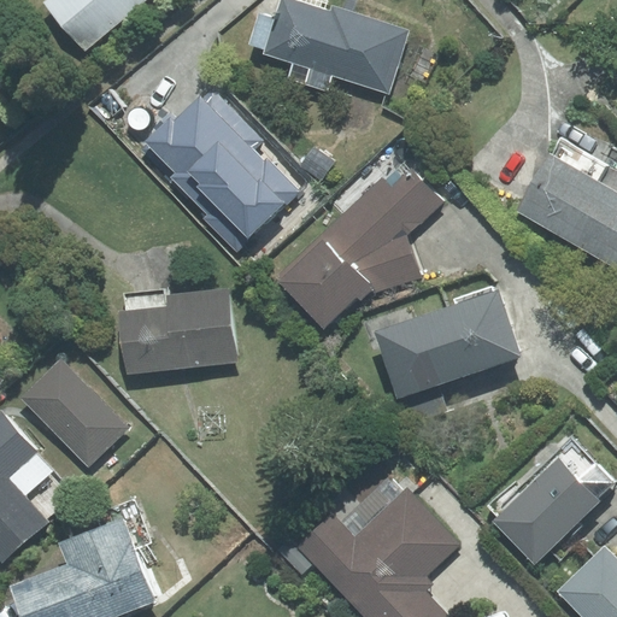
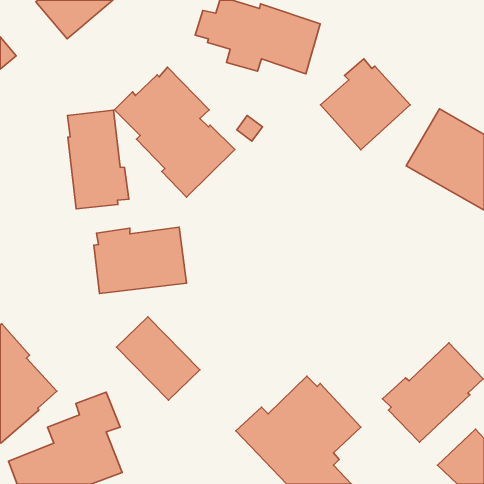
building: none -> [320,59,410,150]
building: none -> [68,110,129,209]
building: [274,158,443,330] -> none
building: [375,287,519,398] -> none
building: [22,360,128,466] -> [117,317,200,400]

